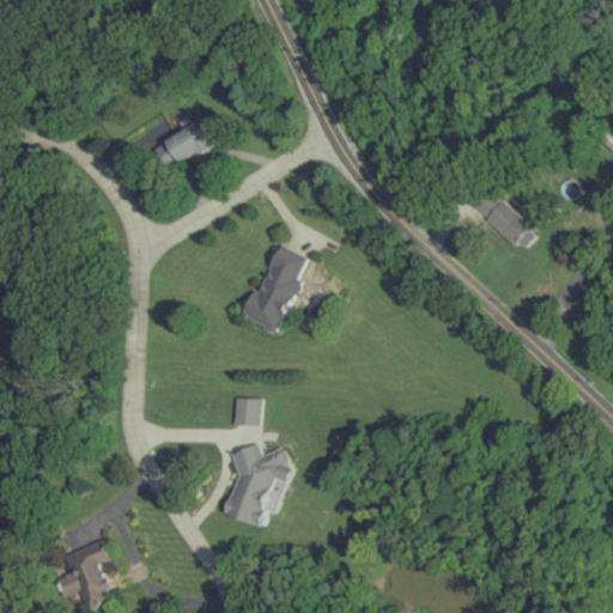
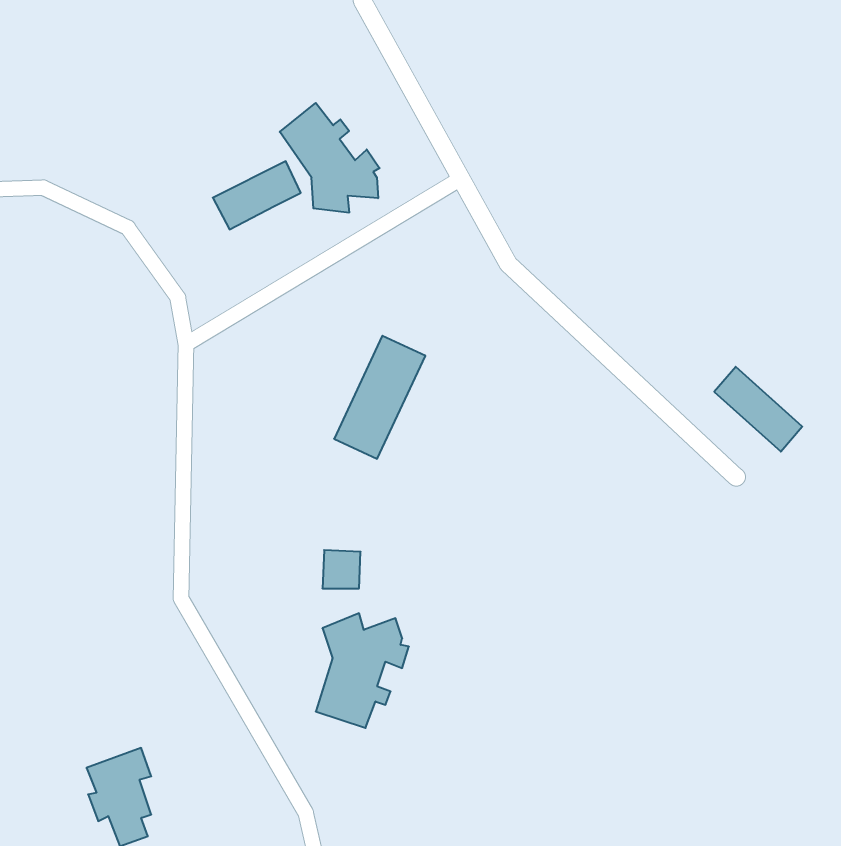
building: none -> [280,103,380,213]
building: [473,190,536,251] -> [714,367,802,452]

